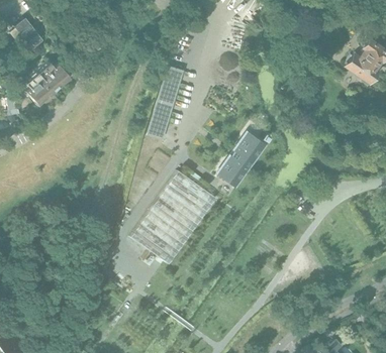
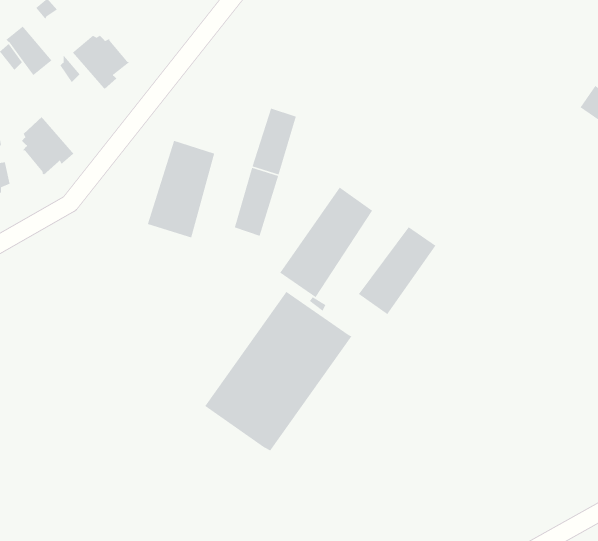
building: [35,63,69,95] -> [72,35,130,91]
building: none -> [147,140,215,238]
building: none -> [279,186,373,298]

